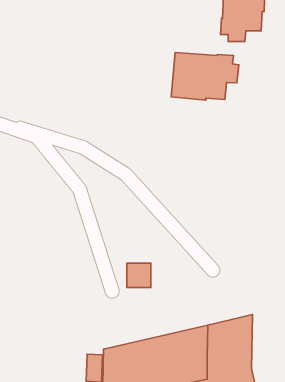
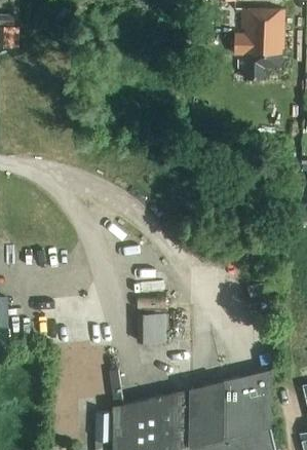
building: [171,52,239,100] -> none

